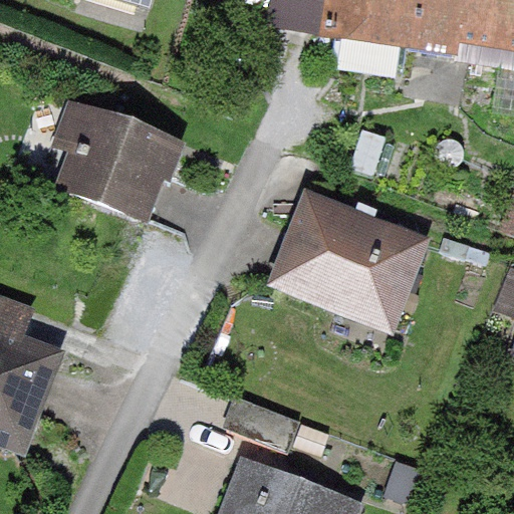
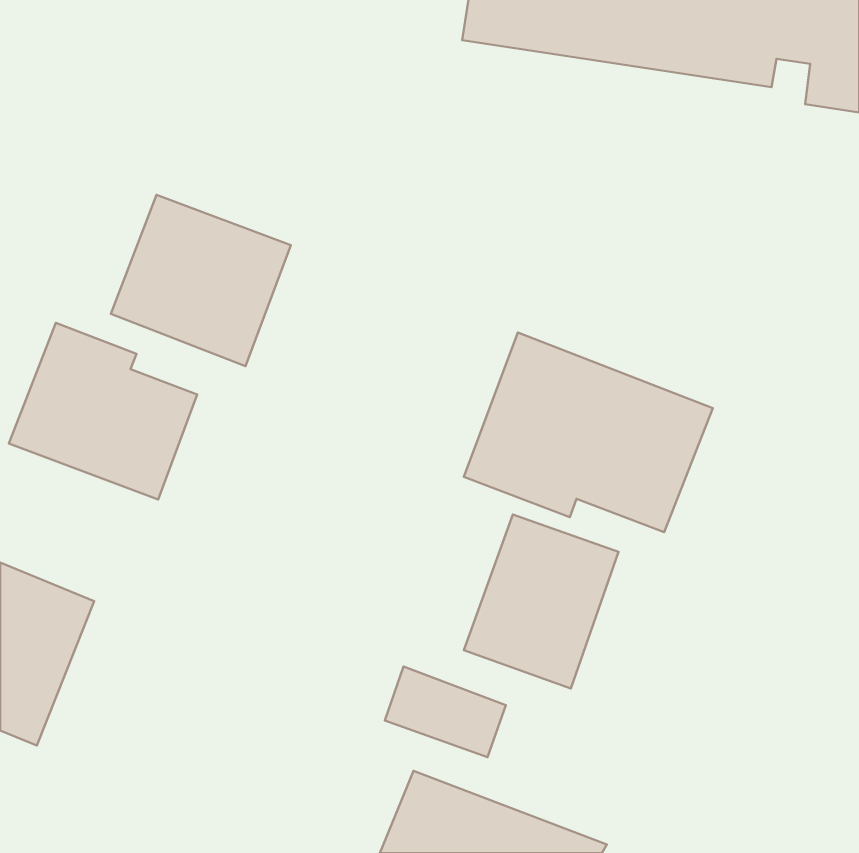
building: none -> [9,323,197,499]
building: none -> [464,514,619,689]

